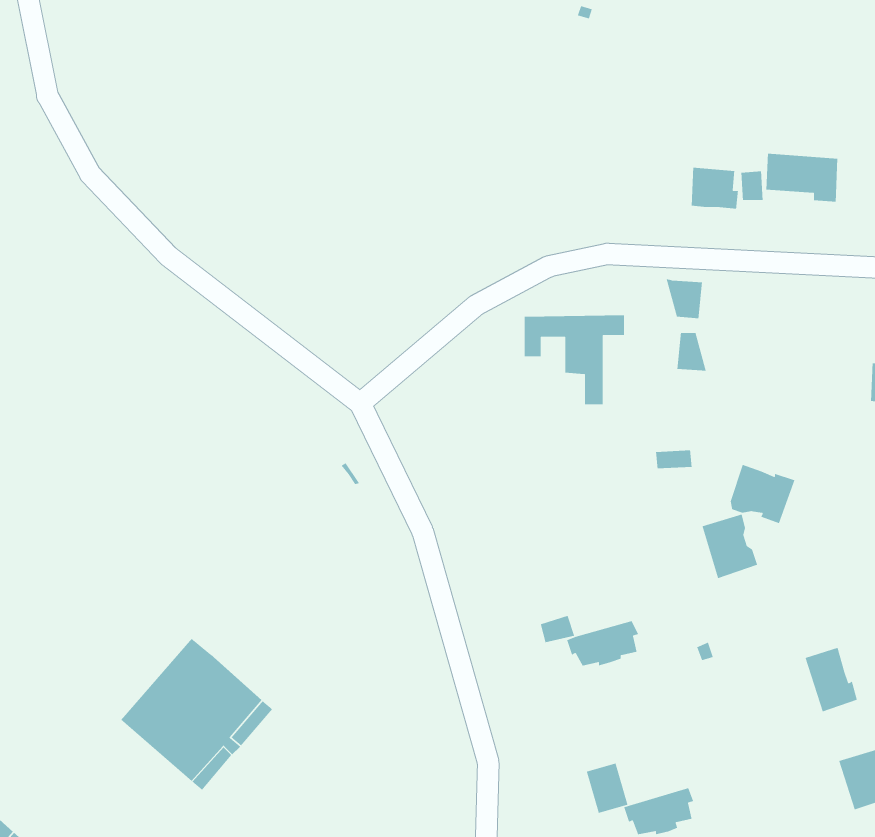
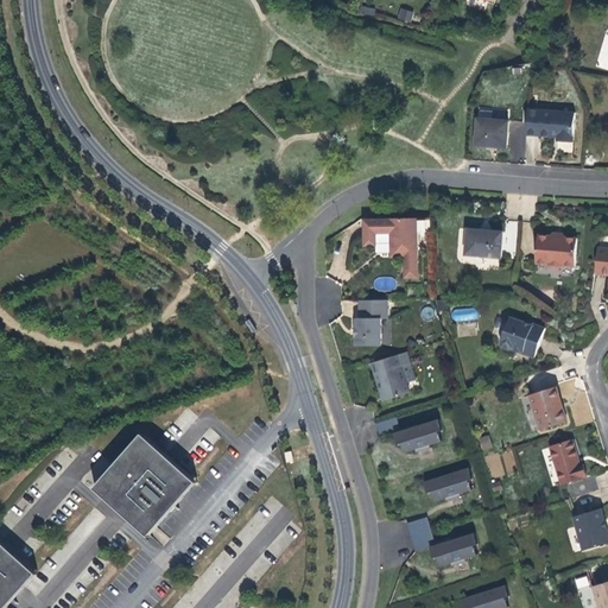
building: [665,278,703,319] -> [477,229,502,256]
building: none -> [534,234,576,270]
building: none -> [353,300,385,346]
building: [701,514,758,579] -> [528,386,566,430]
building: none -> [369,352,408,400]
building: none -> [424,468,471,500]

